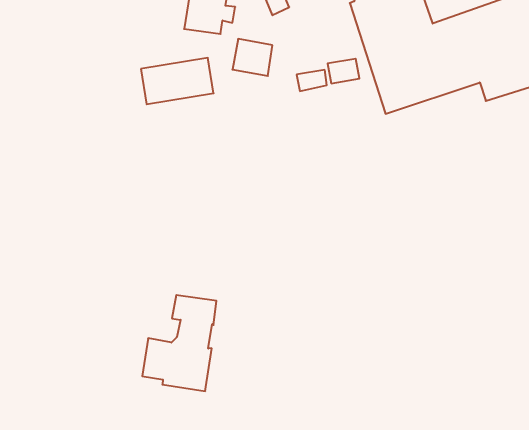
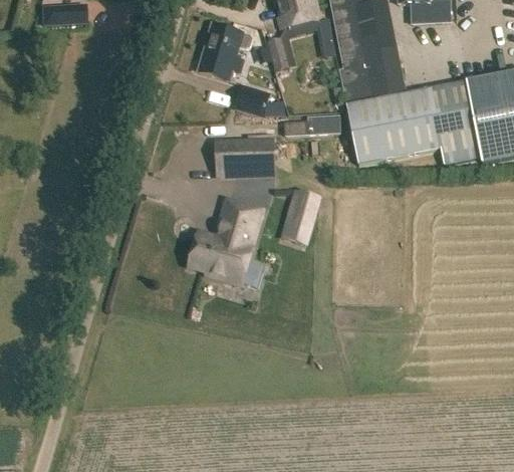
building: [141,58,214,104] -> [216,144,274,176]
building: none -> [285,189,320,245]
building: [142,295,216,391] -> [190,200,260,283]

